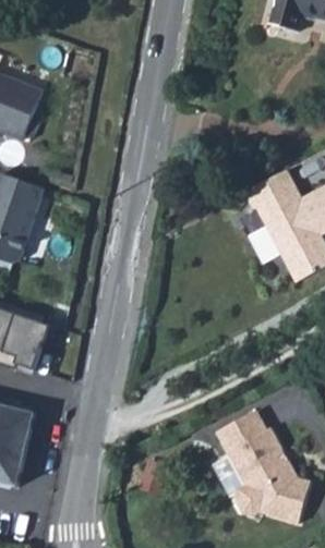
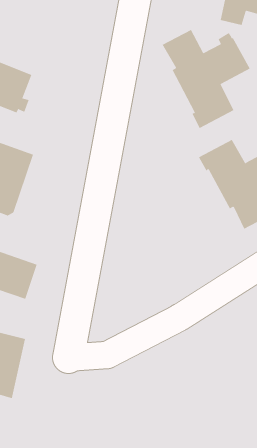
building: none -> [162,29,250,129]
building: [215,410,310,523] -> none

